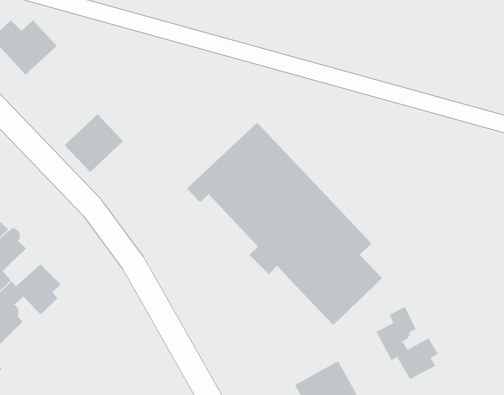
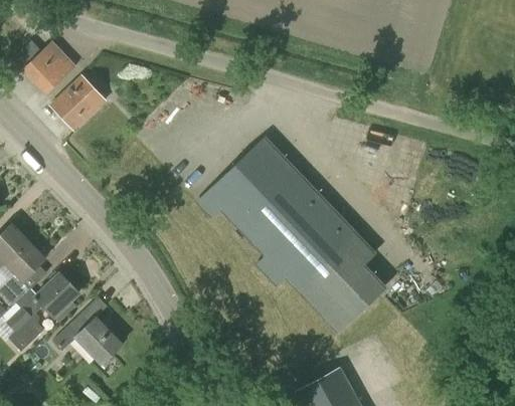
building: [64,114,124,173] -> [49,74,107,131]
building: none -> [53,314,122,365]
building: [376,306,438,380] -> none

